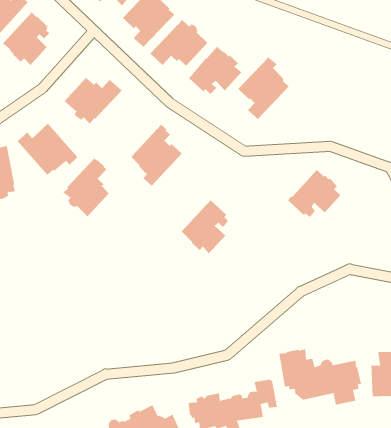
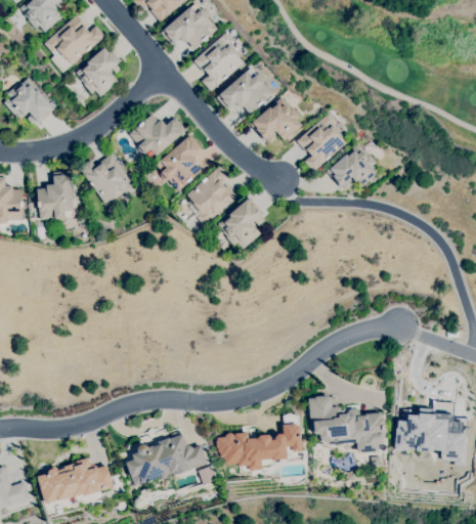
building: [62,158,110,217] -> [157,135,202,191]
building: [287,169,341,218] -> [327,144,379,190]
building: [181,200,229,254] -> [218,198,265,250]

